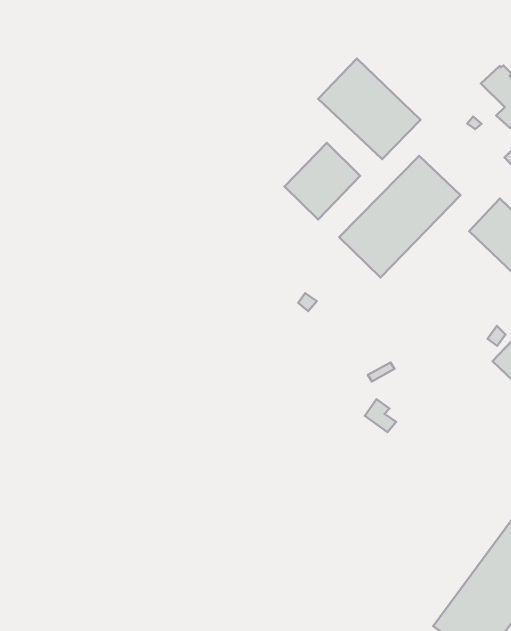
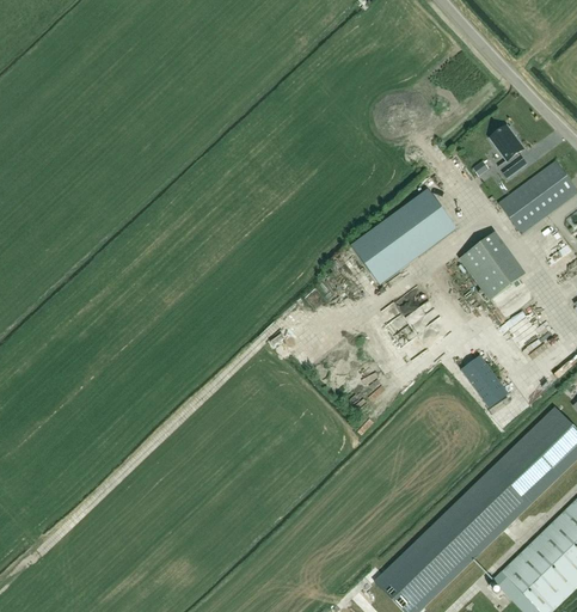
building: [318,58,421,159] -> none
building: [285,143,360,219] -> none

